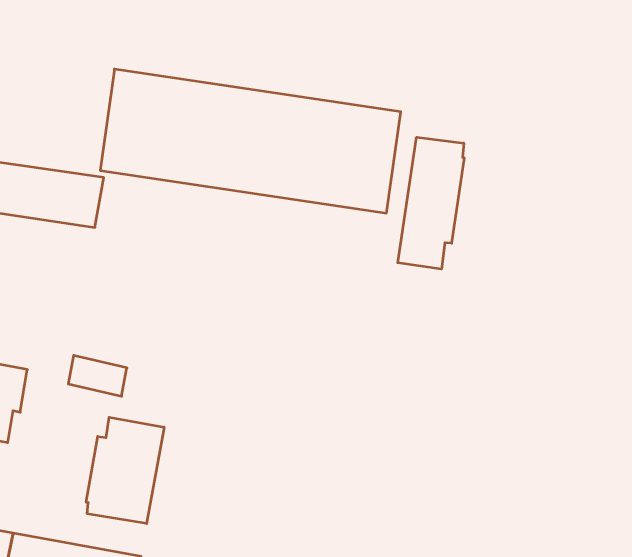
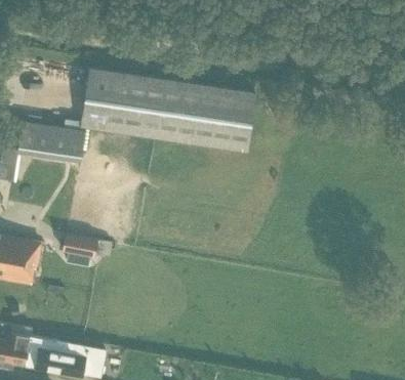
building: [398,137,464,269] -> none
building: [86,417,164,524] -> none

